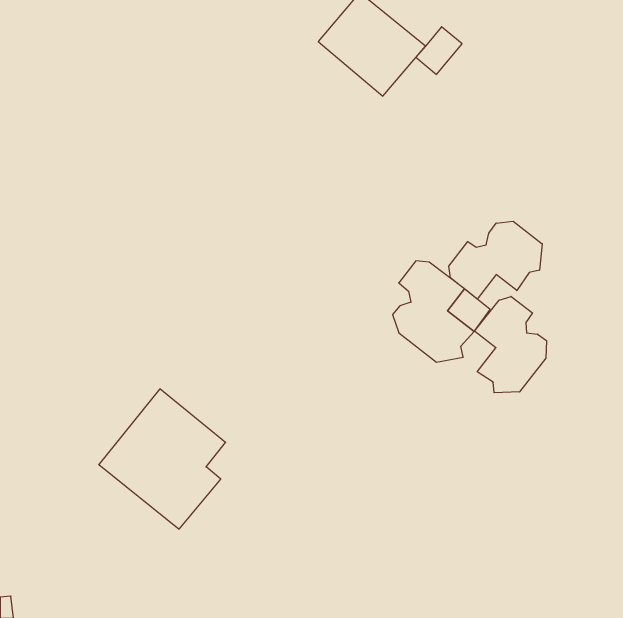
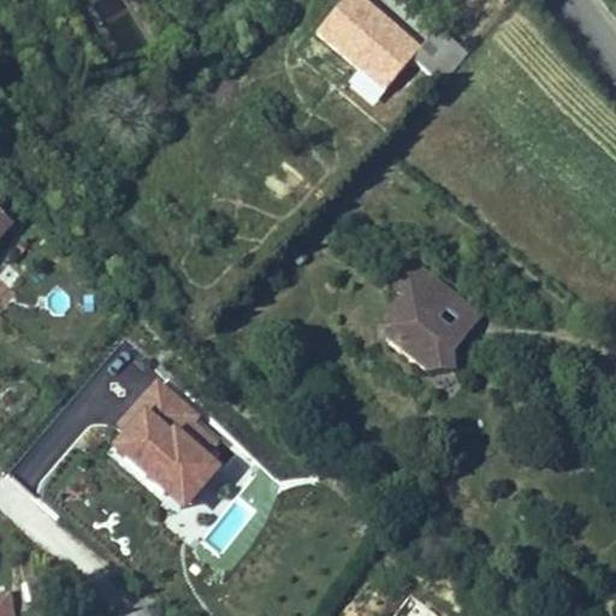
building: [449,221,542,299] -> none
building: [475,296,546,393] -> none

